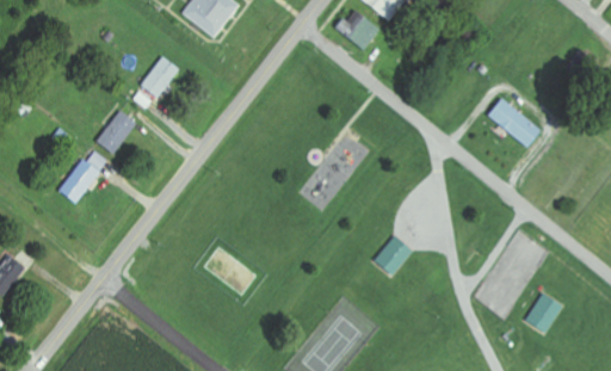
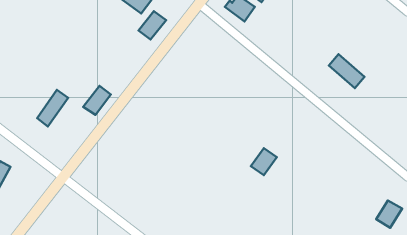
building: [138,55,179,97] -> [138,11,166,40]
building: [95,110,136,153] -> [83,86,111,115]
building: [524,292,562,333] -> [376,200,402,228]

